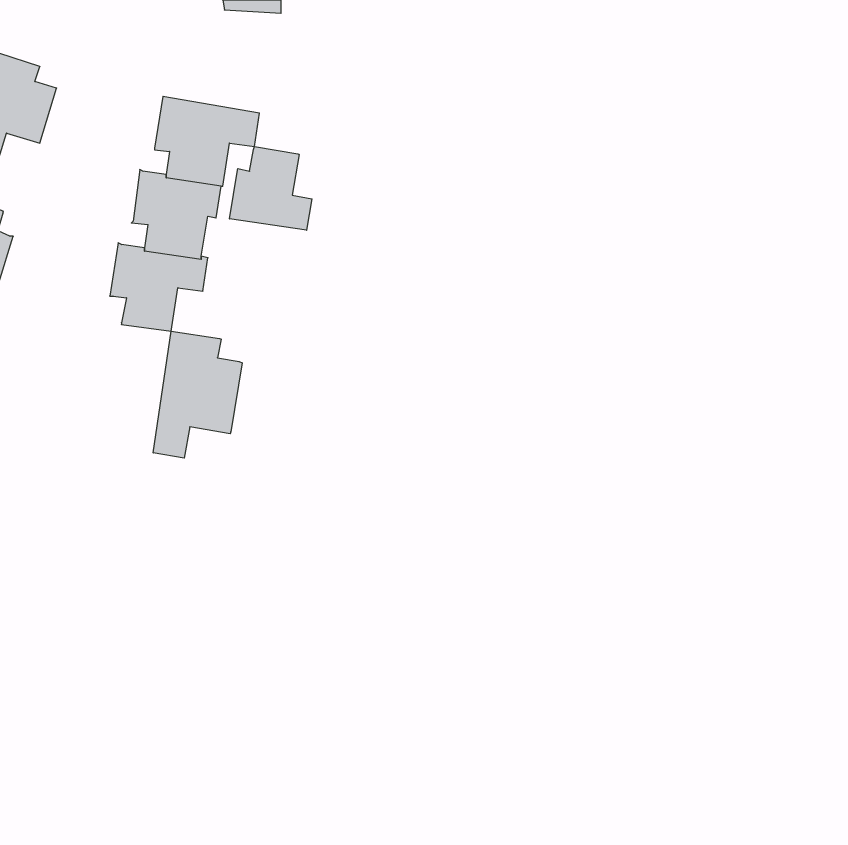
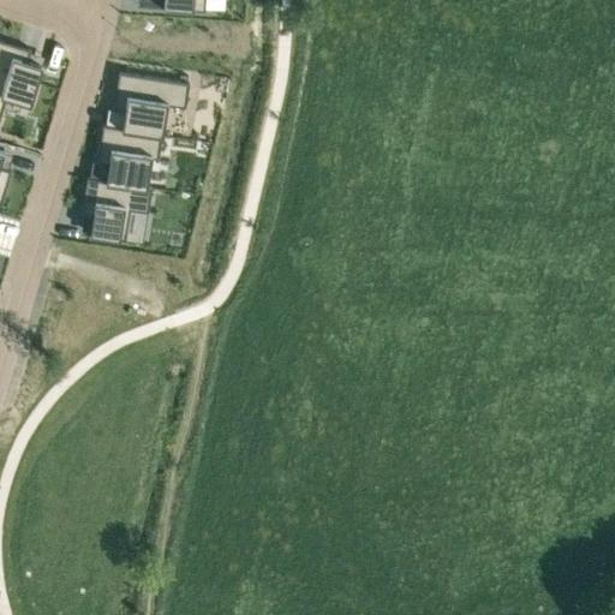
building: [230,146,312,230] -> none
building: [153,331,242,458] -> none

